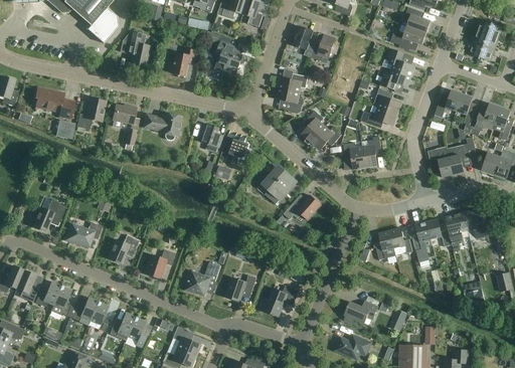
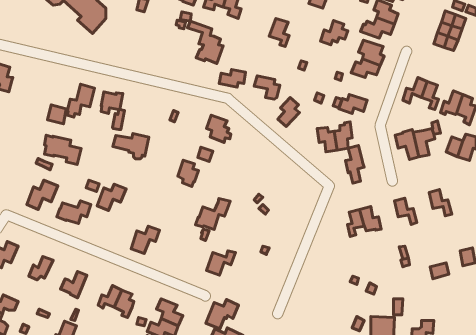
building: [119,31,149,66] -> none
building: [310,34,339,60] -> [320,20,348,45]
building: [167,48,197,76] -> none
building: [280,72,308,91] -> [219,69,246,87]
building: [35,87,74,119] -> [44,135,81,164]
building: [375,88,401,114] -> none
building: [143,113,181,140] -> [113,133,149,159]
building: [201,124,223,152] -> [178,160,198,187]
building: [311,127,342,150] -> none
building: [265,168,289,204] -> none
building: [284,195,321,219] -> none
building: [447,212,470,244] -> none
building: [412,221,433,261] -> [345,145,364,183]
building: [109,234,140,262] -> [97,184,126,210]
building: [184,261,221,295] -> [195,198,230,229]
building: [16,269,36,300] -> none
building: [51,285,72,315] -> none
building: [264,285,299,316] -> [206,300,239,329]
building: [89,301,109,331] -> none
building: [344,301,378,323] -> none
building: [335,333,372,358] -> none

